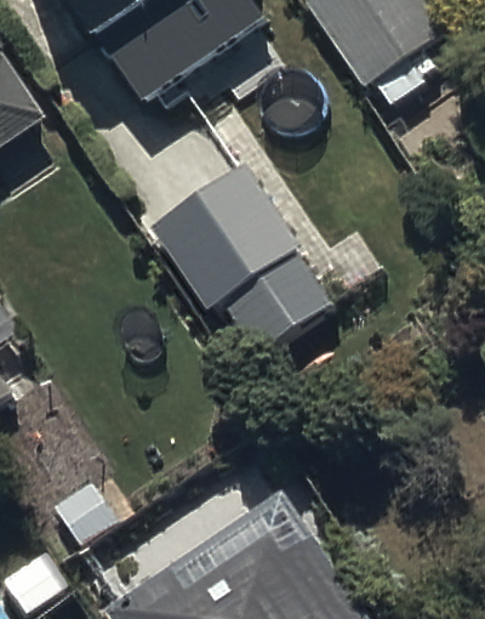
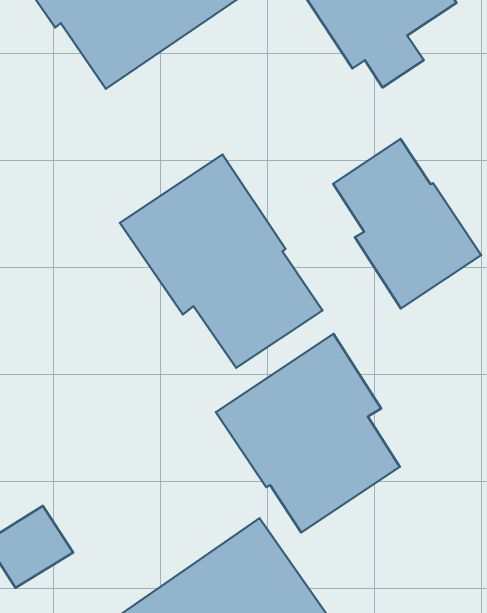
building: none -> [333,139,481,309]
building: none -> [216,334,400,533]

